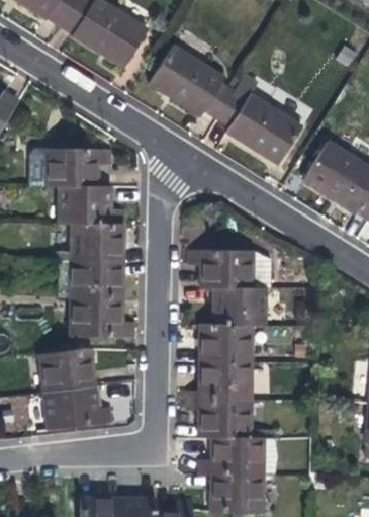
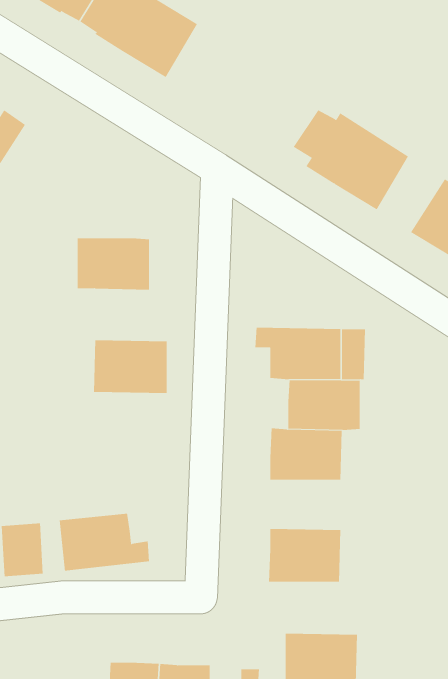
building: [149,44,235,117] -> none
building: [45,148,108,184] -> none
building: [71,222,124,260] -> none
building: [70,297,133,336] -> none
building: [39,349,95,392] -> none
building: [199,362,252,399] -> none
building: [199,437,264,476] -> none

